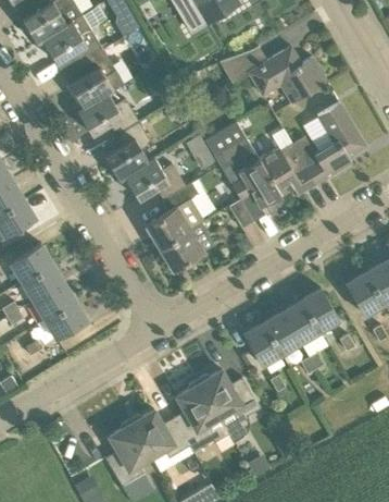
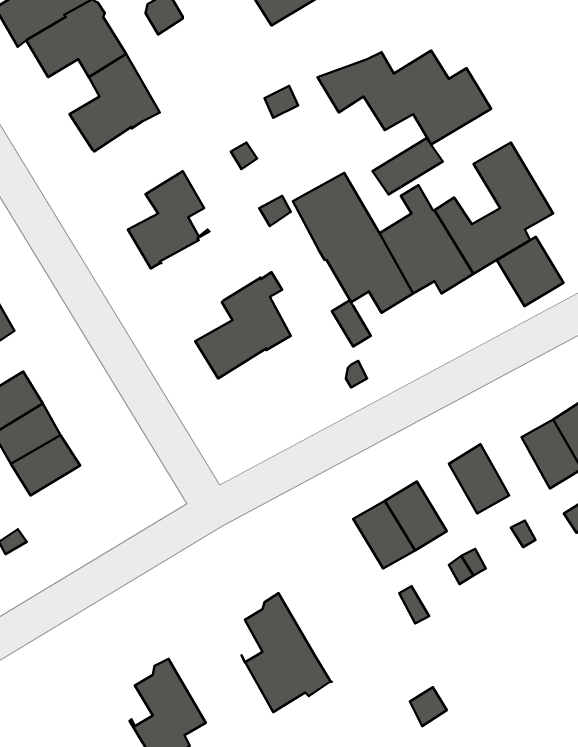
building: [77,89,138,134] -> none
building: none -> [372,138,443,195]
building: [124,157,186,199] -> none
building: none -> [497,237,564,306]
building: [160,229,203,270] -> none
building: [281,299,318,341] -> none
building: [45,301,87,339] -> none
building: [197,369,259,432] -> none
building: [129,408,189,458] -> none

